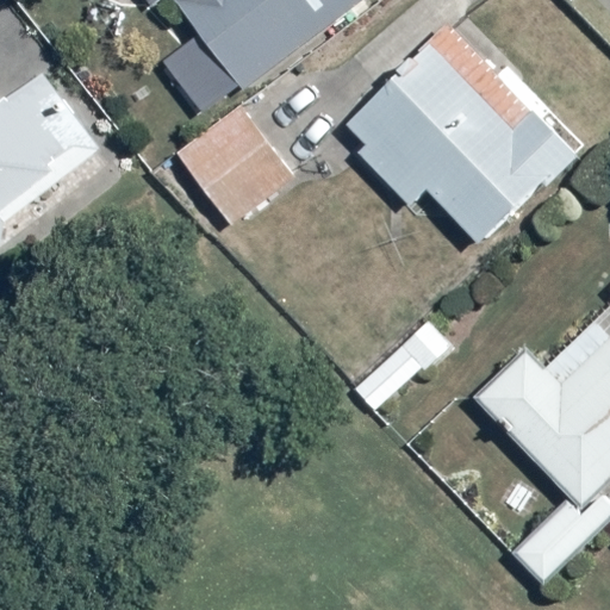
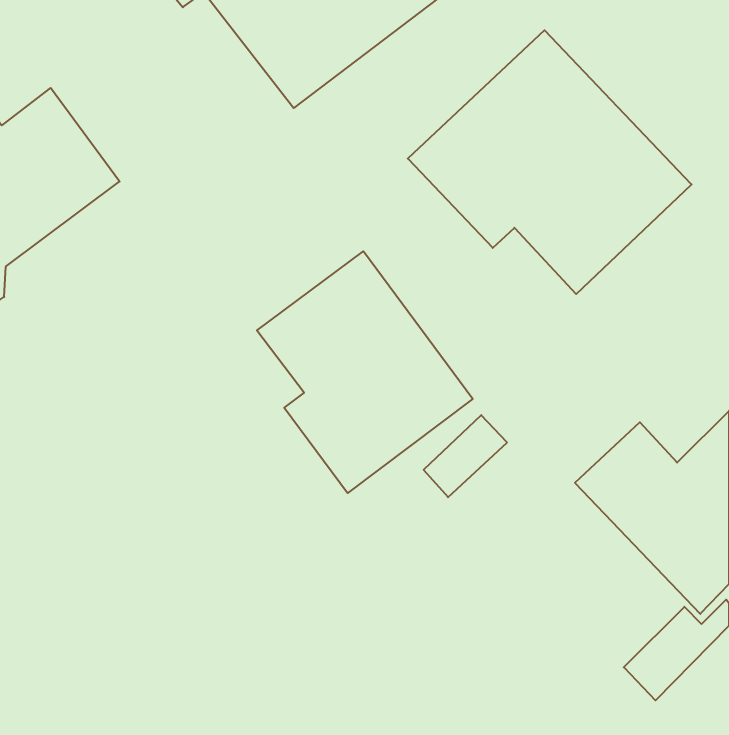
building: [176,106,295,226] -> none
building: none -> [257,251,473,493]

